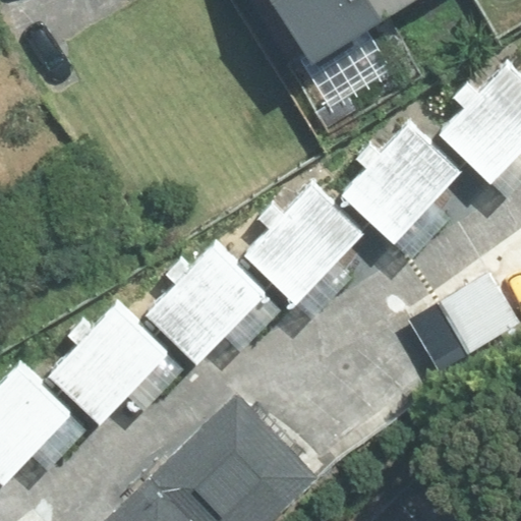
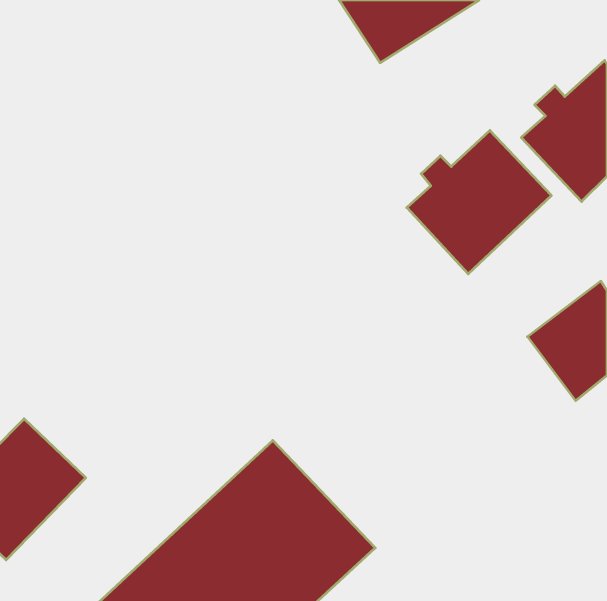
building: [245,186,366,305] -> none
building: [144,245,266,365] -> none
building: [49,305,168,425] -> none

